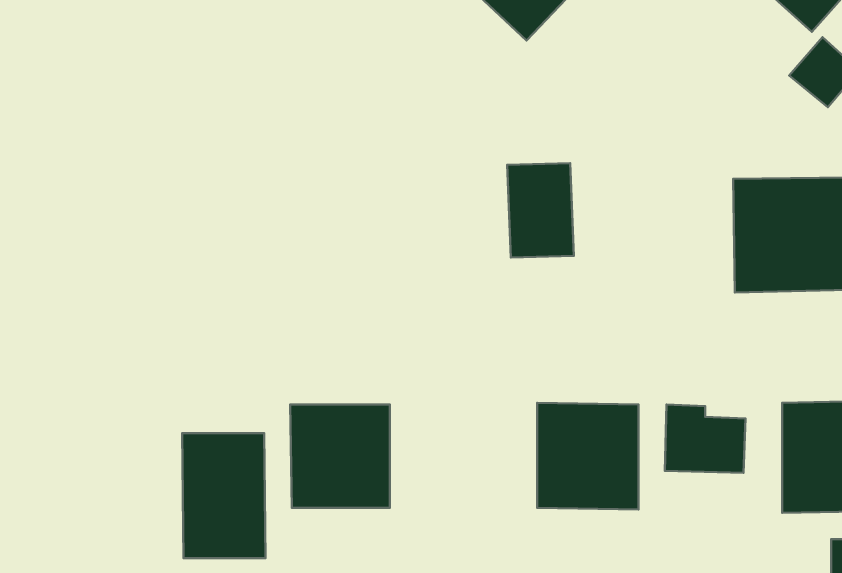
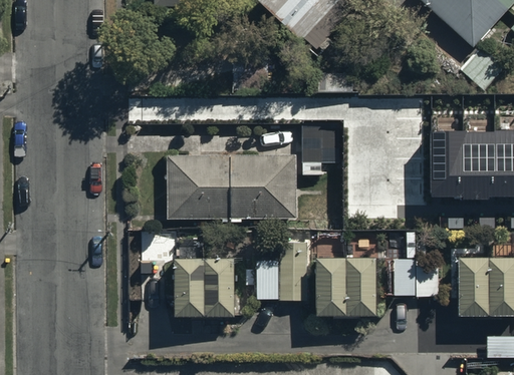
building: none -> [166,155,297,219]
building: none -> [260,237,306,301]
building: [182,433,265,558] -> none

